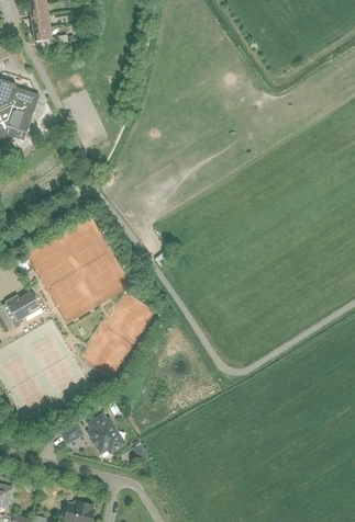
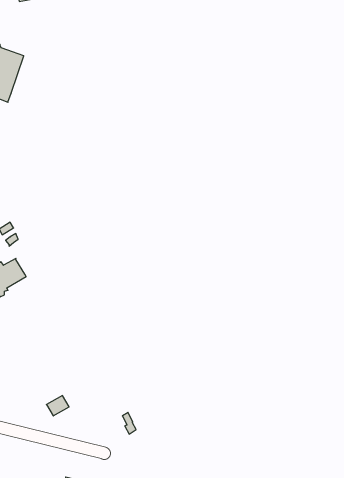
building: [88,413,123,451] -> none

